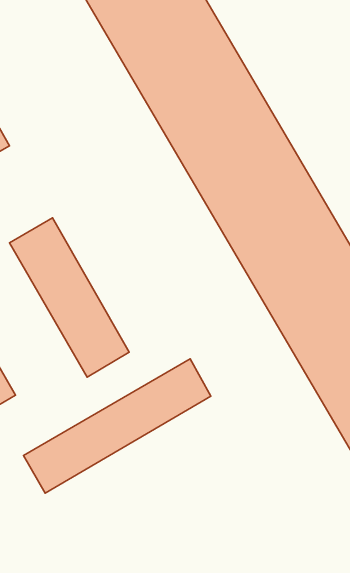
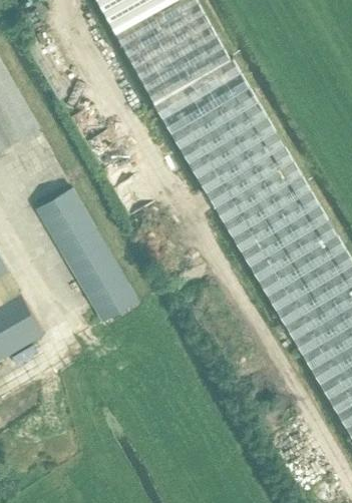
building: [23,359,211,493] -> none

